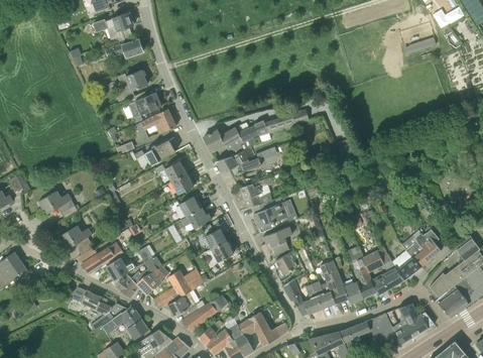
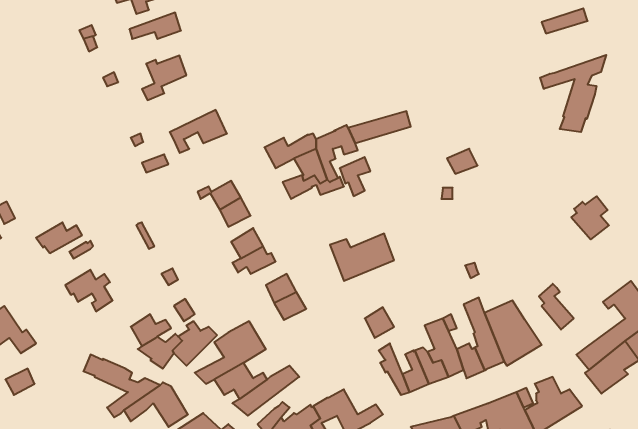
building: none -> [540,55,606,132]
building: [128,92,161,118] -> none
building: [145,140,175,165] -> none
building: [241,177,272,208] -> none
building: [263,226,292,254] -> none
building: [413,229,441,260] -> [571,196,609,239]
building: [78,241,124,272] -> none
building: [392,251,418,279] -> none

